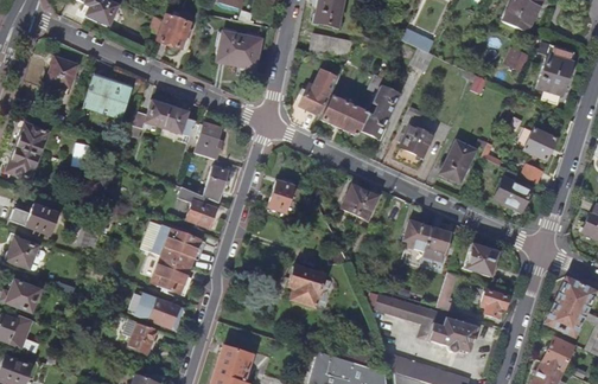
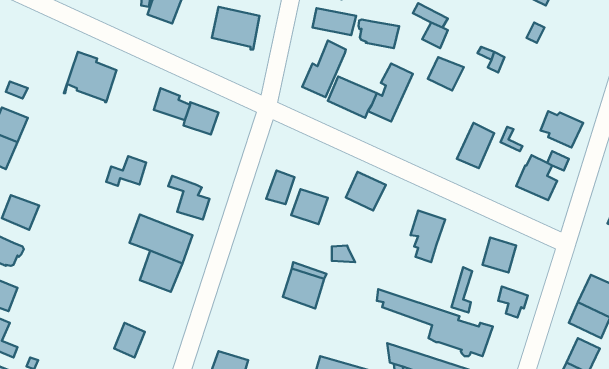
building: none -> [359,19,399,48]
building: [539,45,575,103] -> none
building: [47,57,77,94] -> none
building: [134,100,171,127] -> [106,156,146,186]
building: [403,123,437,154] -> [428,57,464,91]
building: [204,165,229,201] -> none
building: none -> [291,189,328,224]
building: [424,226,452,261] -> none
building: [136,292,184,328] -> none

